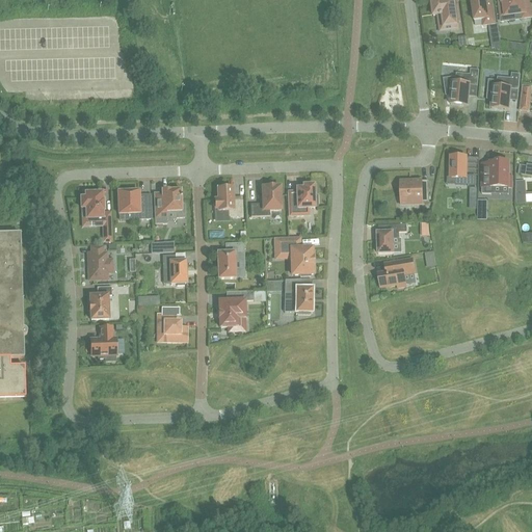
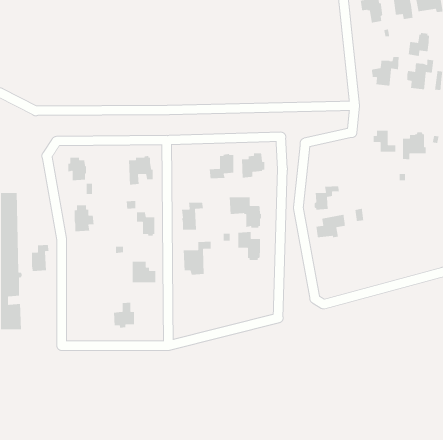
building: none -> [408,32,430,57]
building: [401,179,429,202] -> none
building: [215,184,243,215] -> none
building: [118,189,153,218] -> none
building: [90,285,112,318] -> [31,244,49,272]
building: [90,325,116,357] -> [113,302,135,329]

